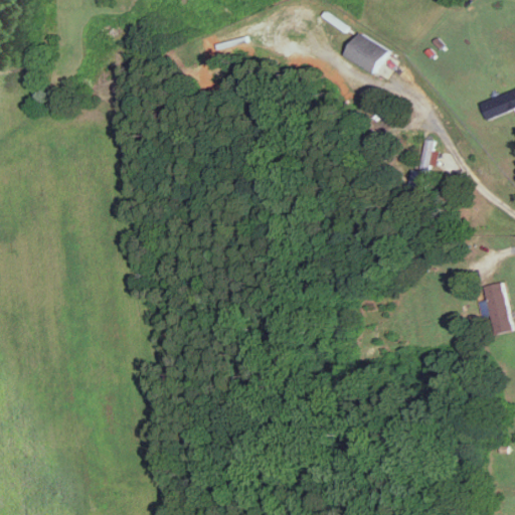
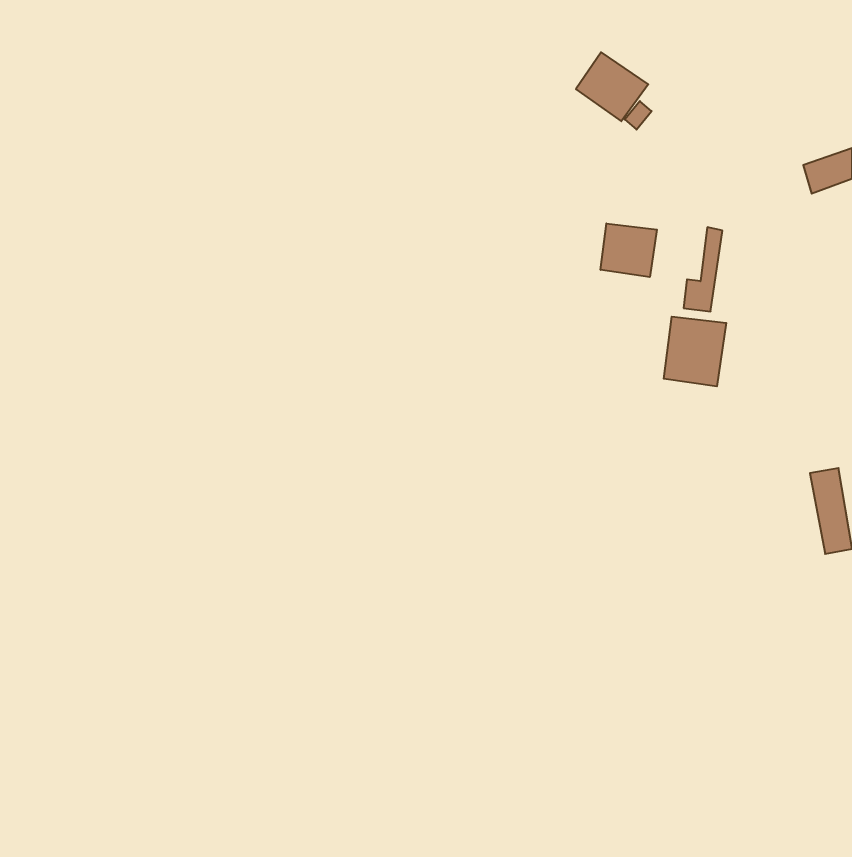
building: none -> [601,223,657,277]
building: none -> [664,317,726,386]

